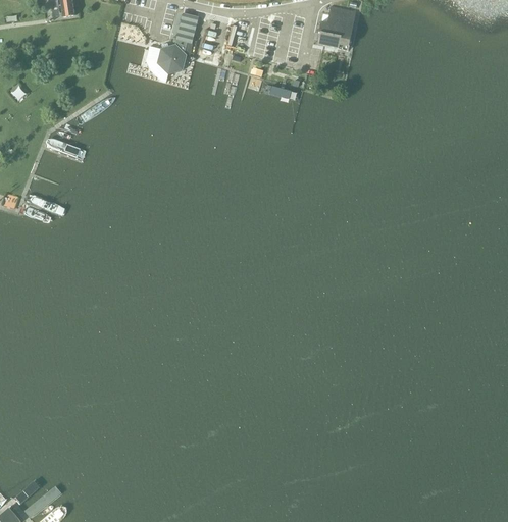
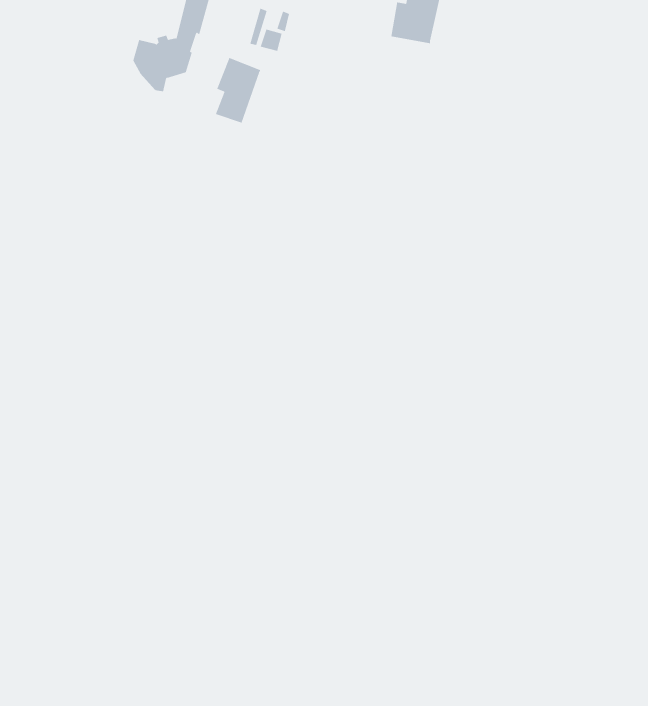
building: none -> [215,57,261,124]

